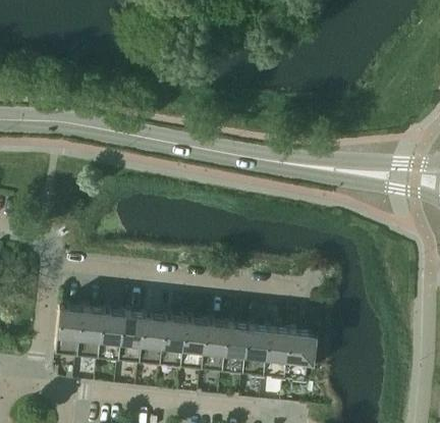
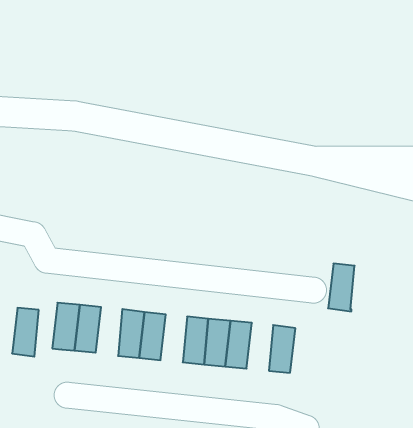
building: [96,306,121,353] -> [12,308,39,357]
building: [158,313,183,359] -> none
building: [240,321,266,367] -> none
building: [282,326,308,372] -> [328,264,355,311]

